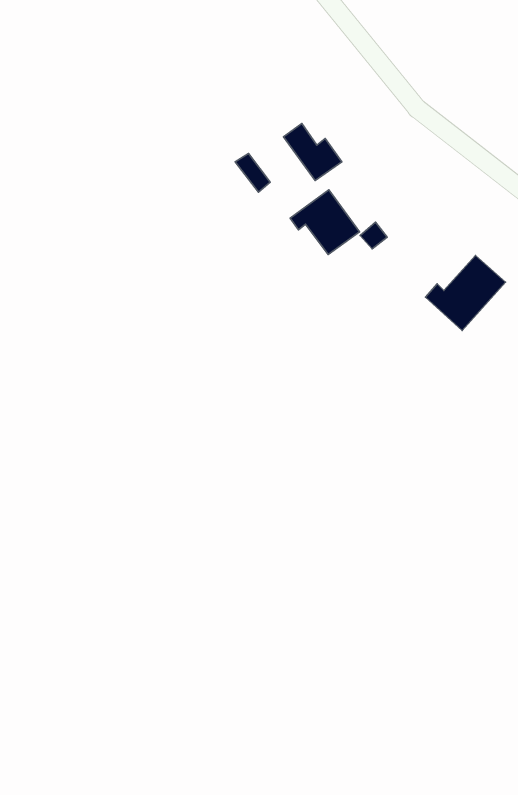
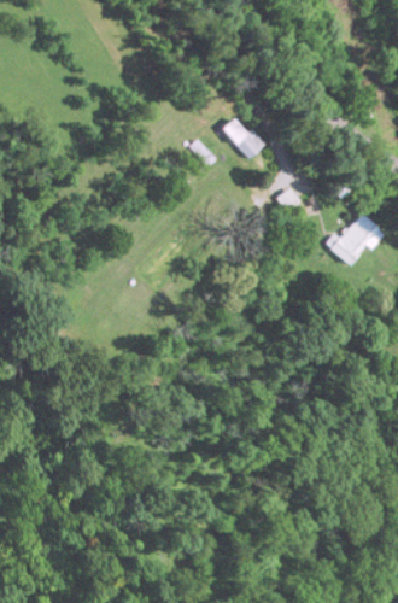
building: [290,190,360,254] -> none

